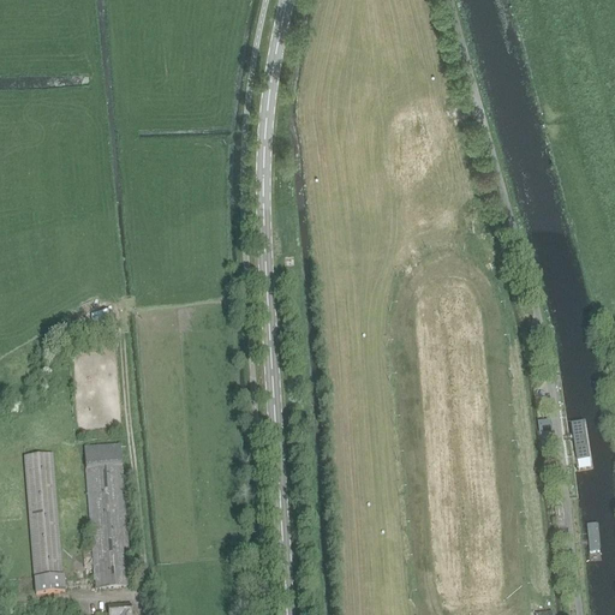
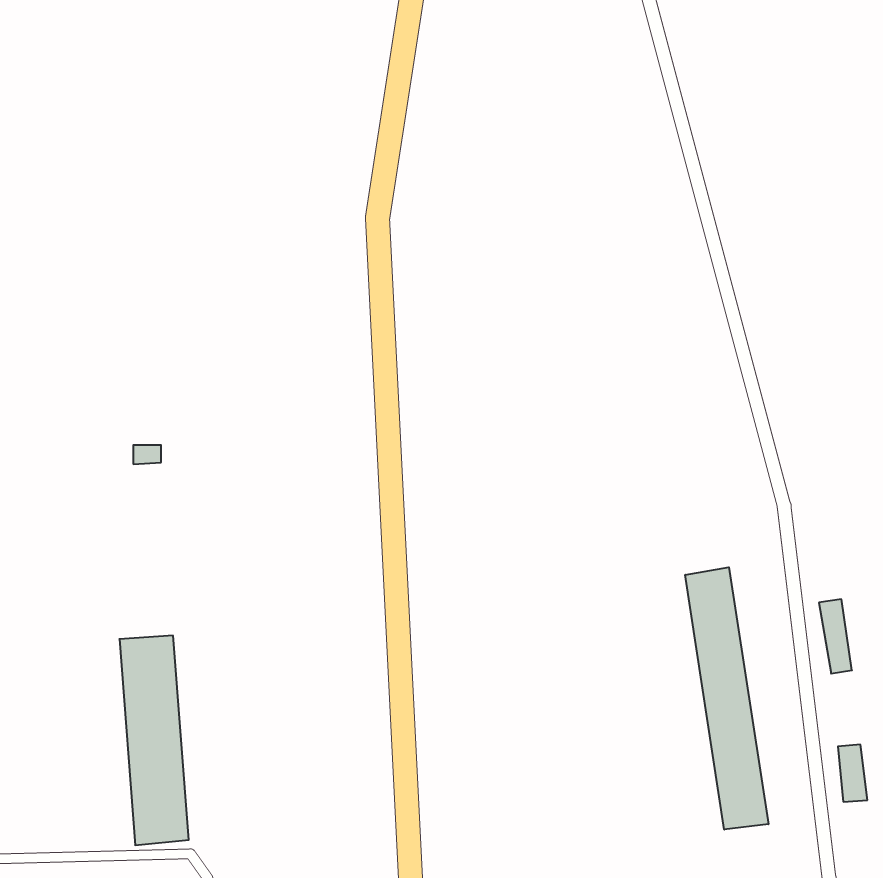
building: none -> [685,567,768,830]
building: [22,449,64,591] -> none

